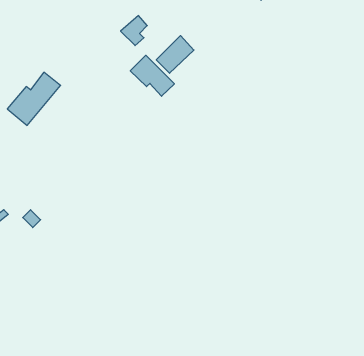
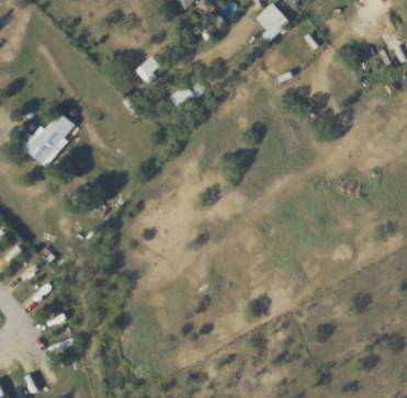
building: [130,55,174,96] -> none

